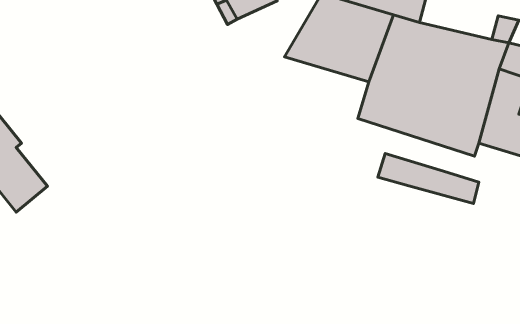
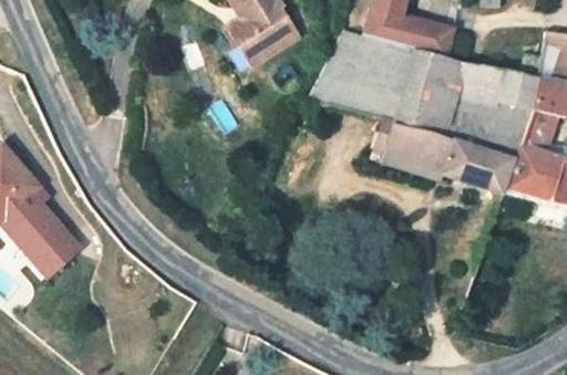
building: [378,154,479,204] -> none
building: none -> [30,228,76,272]

